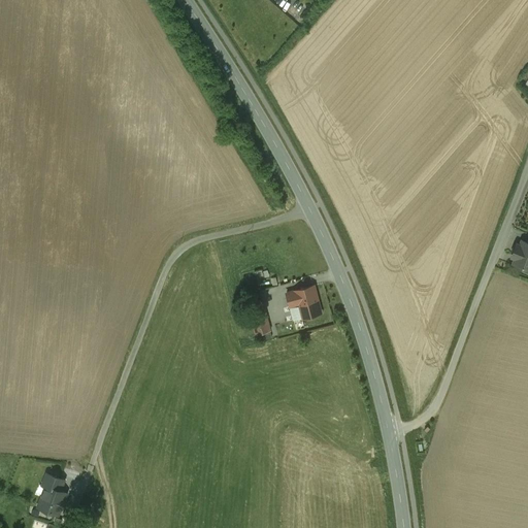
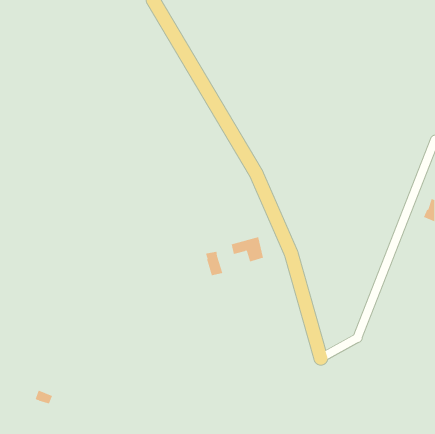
building: [38,487,66,515] -> none

